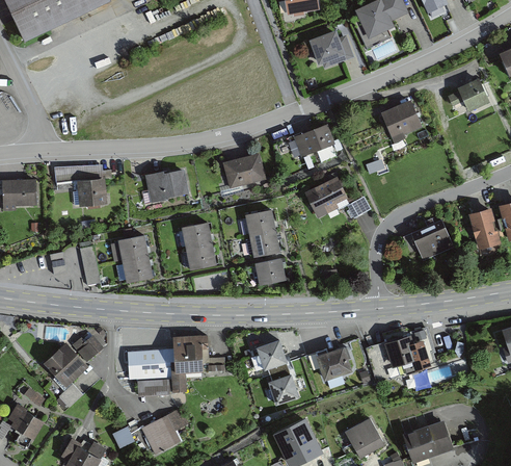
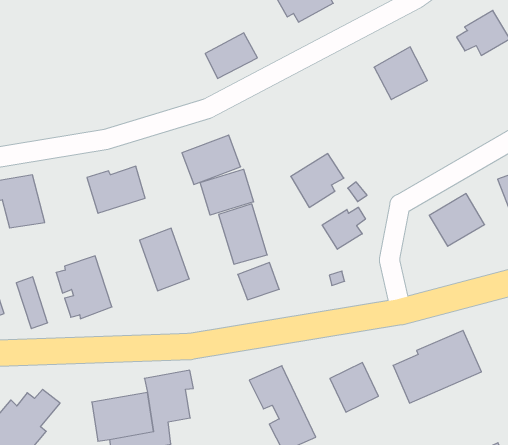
building: [294,124,334,157] -> [205,33,257,78]
building: none -> [200,169,254,215]
building: none -> [322,207,365,249]

